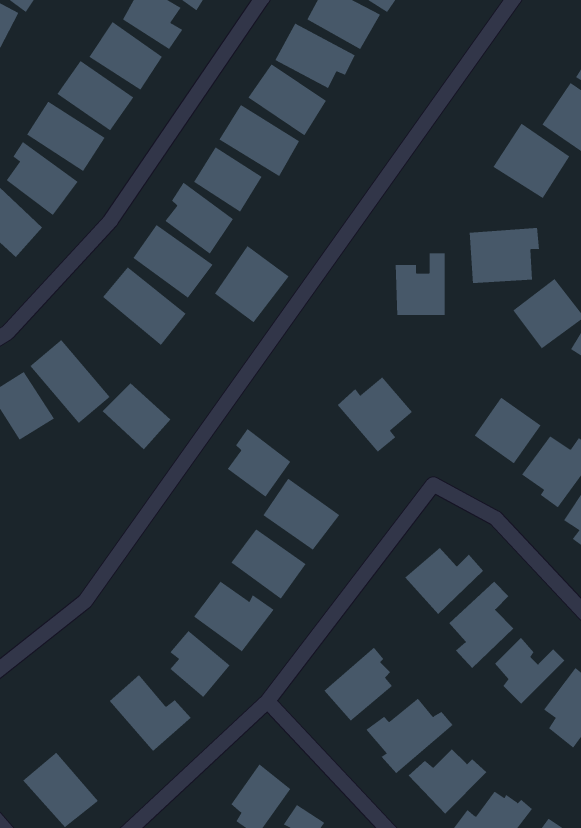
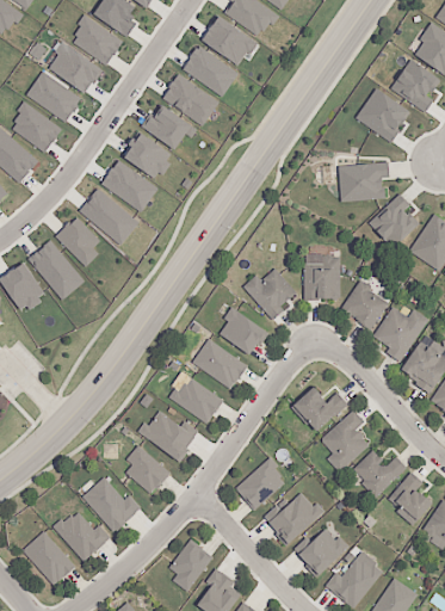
building: [214,245,290,323] -> none
building: [395,253,446,315] -> [304,254,340,298]
building: [102,382,171,450] -> [54,216,103,264]
building: [227,428,291,497] -> [221,307,266,356]
building: none -> [54,507,111,561]

